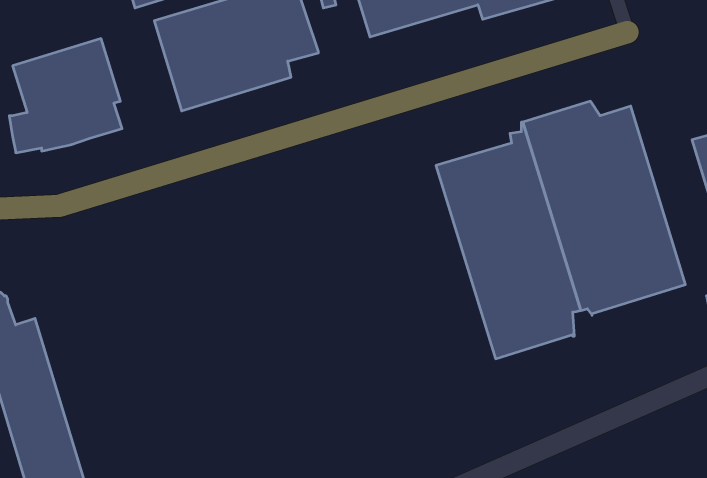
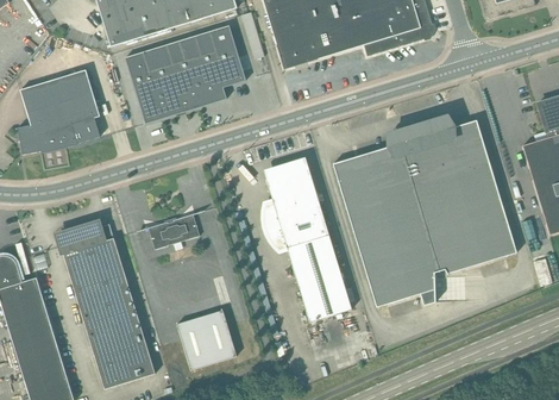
building: none -> [263,163,351,321]
building: none -> [144,212,199,249]
building: none -> [55,221,153,388]
building: none -> [176,308,235,368]

